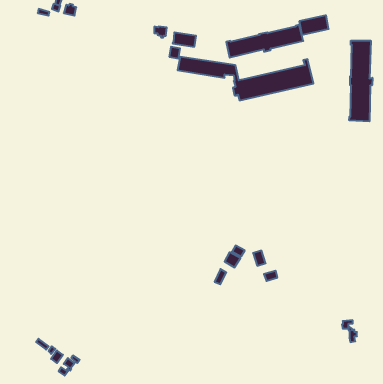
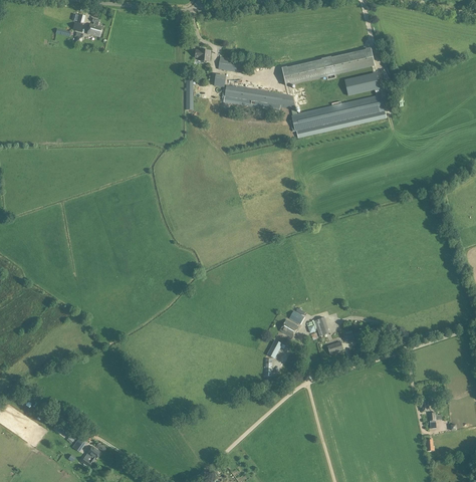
building: [299,15,329,35] -> [343,71,379,94]
building: [349,41,372,121] -> none

